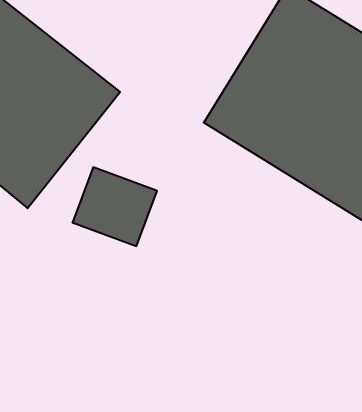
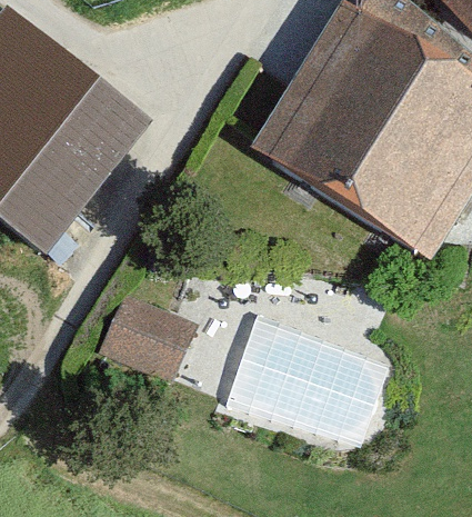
building: [72,167,157,246] -> [103,288,199,377]
building: none -> [221,302,393,450]

